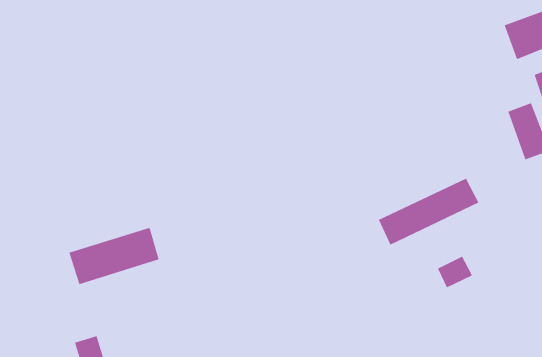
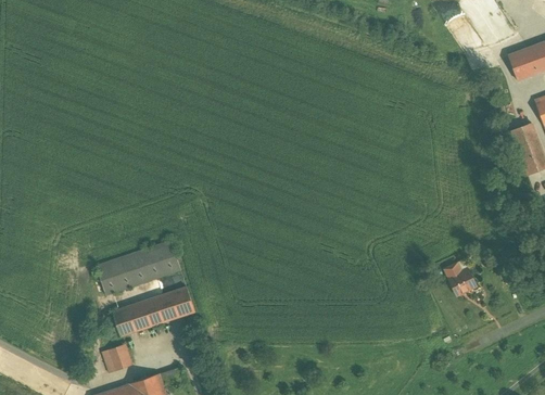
building: [378,178,479,246] -> none
building: none -> [111,286,195,337]

